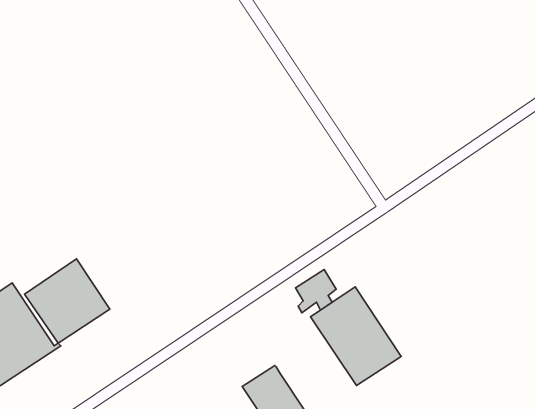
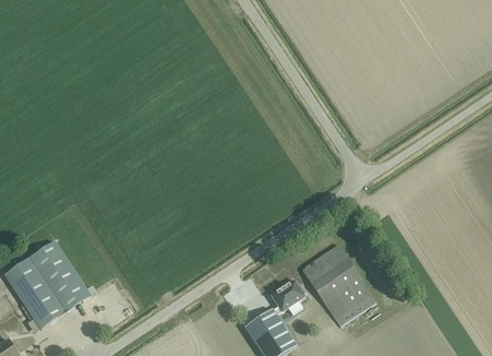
building: [25,259,110,343] -> none
building: [295,269,336,313] -> [272,280,305,316]

